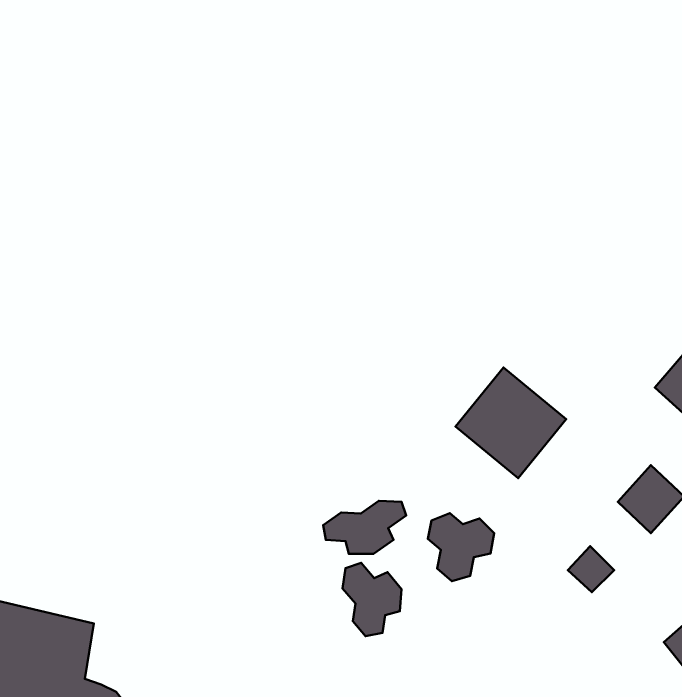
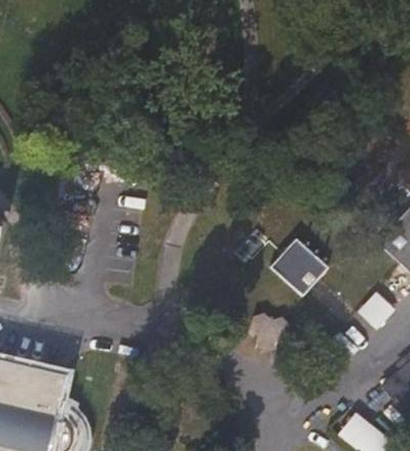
building: [323,501,406,554] -> none
building: [342,563,402,636] -> none

